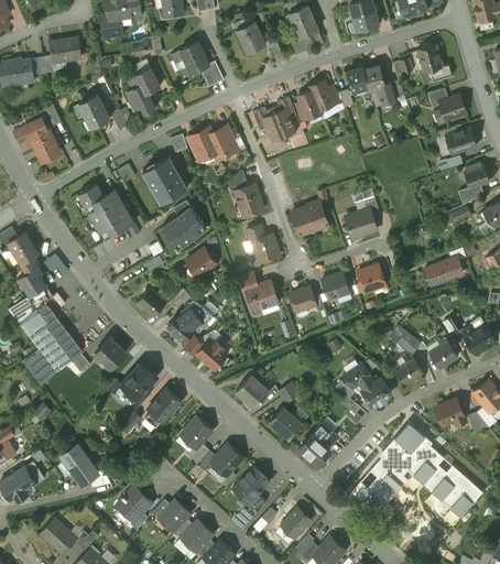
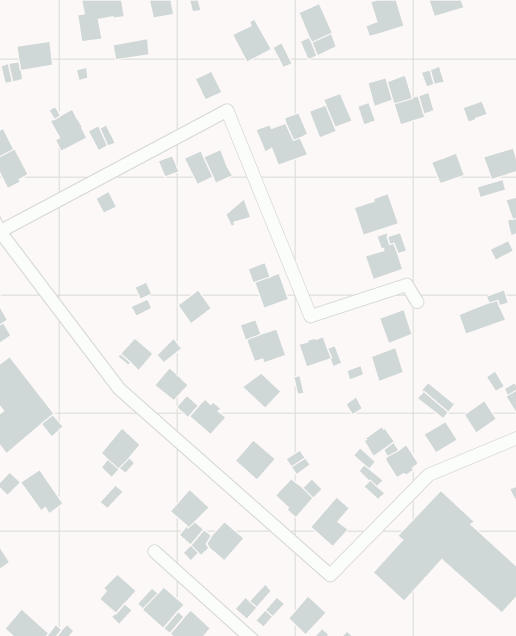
building: [178,41,210,82] -> none
building: [416,45,452,82] -> none
building: [126,67,160,113] -> none
building: [437,95,466,123] -> [431,153,464,187]
building: [142,158,187,204] -> none
building: [77,184,134,239] -> none
building: [233,184,263,216] -> none
building: [291,200,328,236] -> [354,194,398,235]
building: [162,207,207,249] -> none
building: [322,272,349,301] -> [371,348,404,381]
building: [178,302,211,332] -> [242,373,281,408]
building: [95,338,126,373] -> none
building: [144,389,181,429] -> none
building: [435,399,465,426] -> none
building: [61,445,97,482] -> [20,470,63,514]
building: [236,467,270,501] -> none

